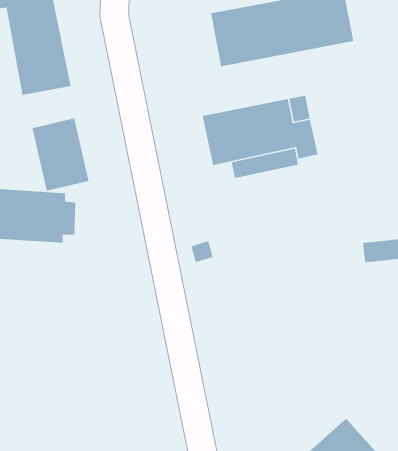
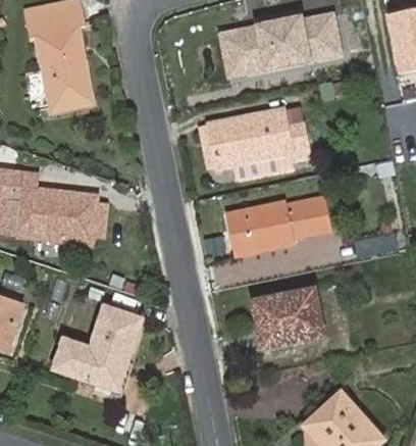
building: [31,118,90,192] -> none
building: none -> [226,196,328,253]
building: none -> [254,289,324,347]
building: none -> [56,301,141,385]

